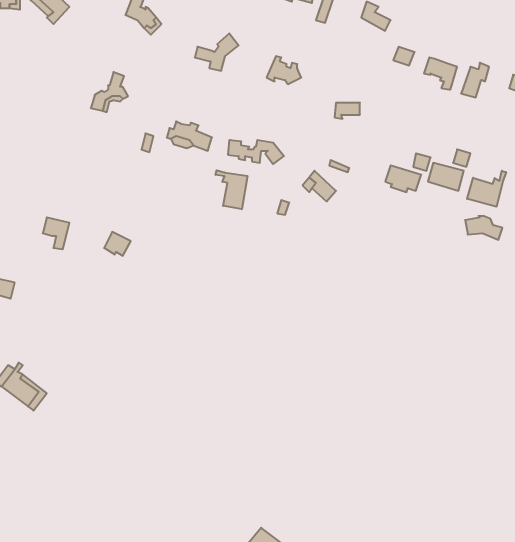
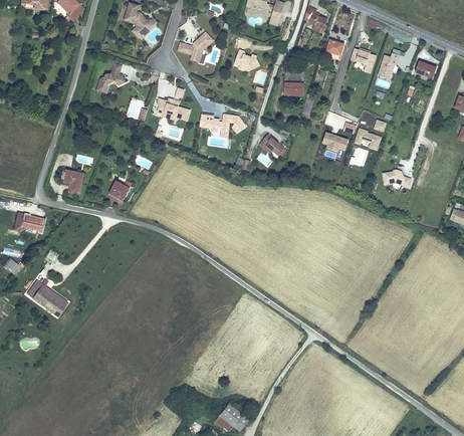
building: [216,170,247,209] -> none
building: [467,171,506,207] -> none

